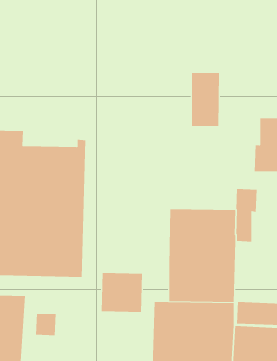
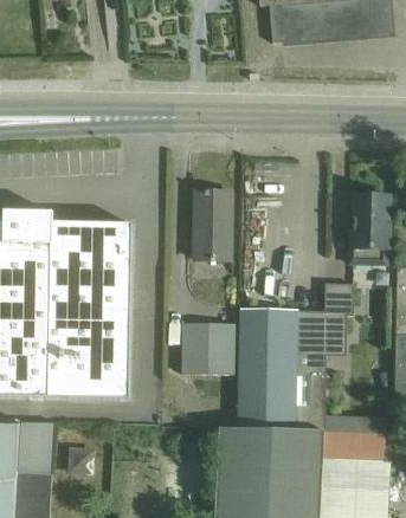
building: [191,73,220,126] -> [194,192,231,260]
building: [101,273,143,312] -> [181,324,234,375]

